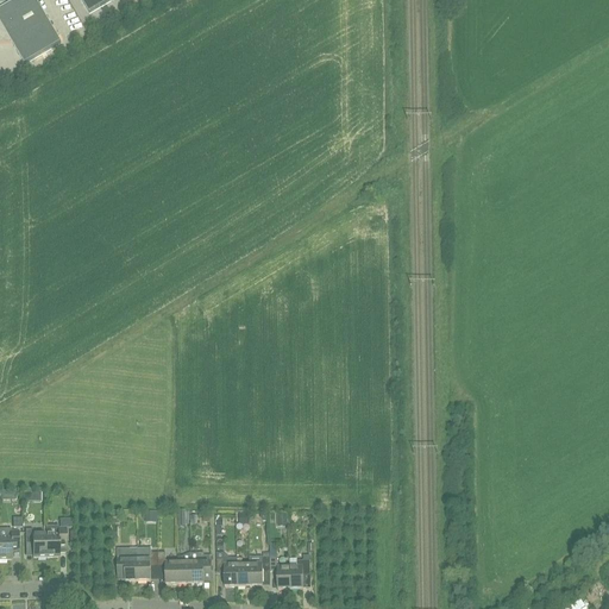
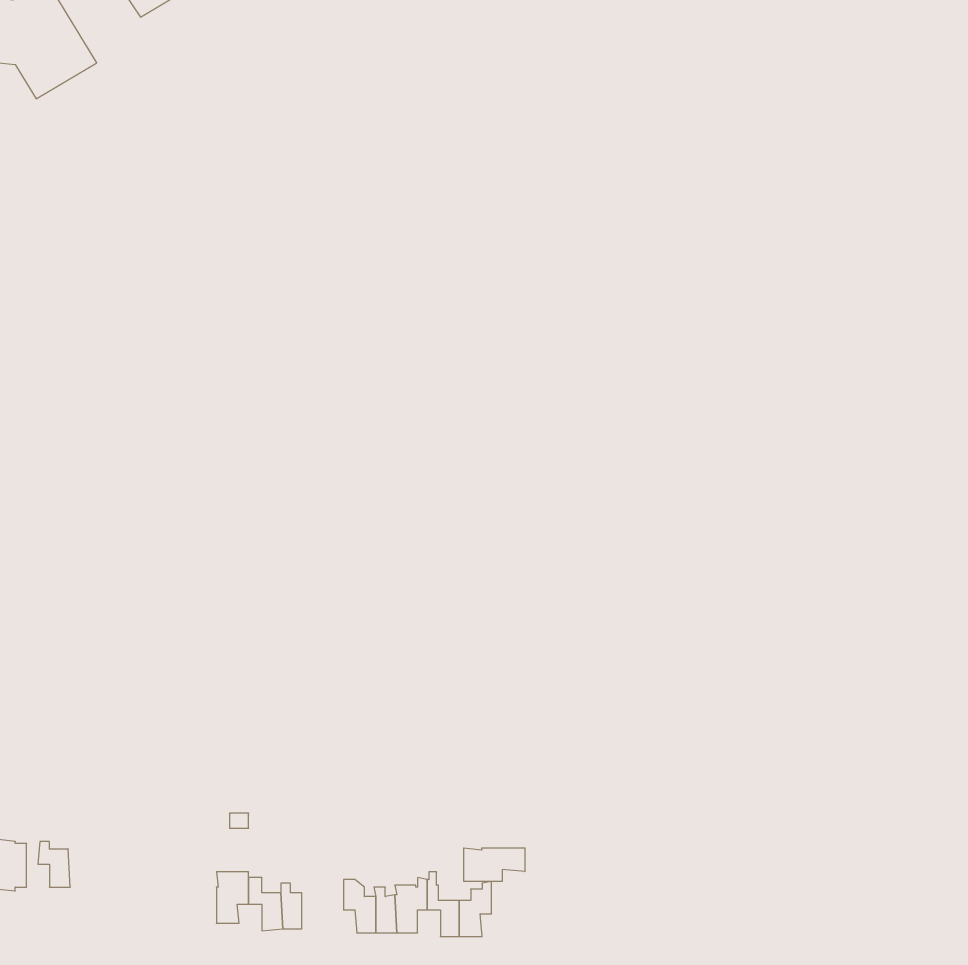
building: [43,523,64,555] -> none
building: none -> [464,848,525,881]
building: [115,546,137,579] -> none
building: [189,551,209,582] -> none

